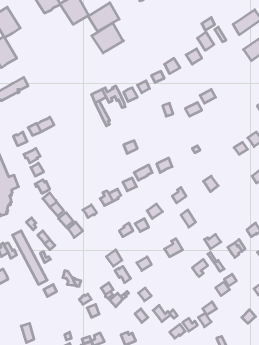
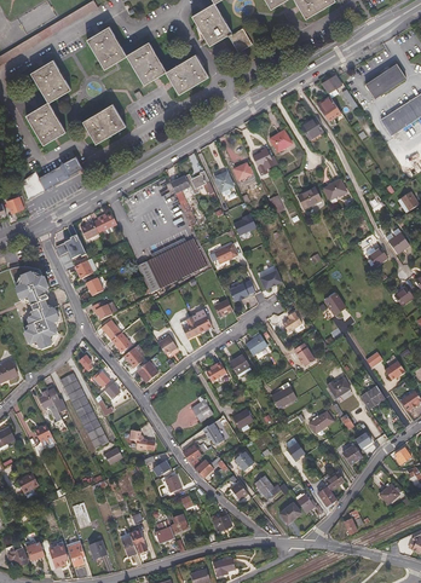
building: [92,23,124,53] -> none
building: none -> [82,103,125,143]
building: none -> [135,237,204,290]

